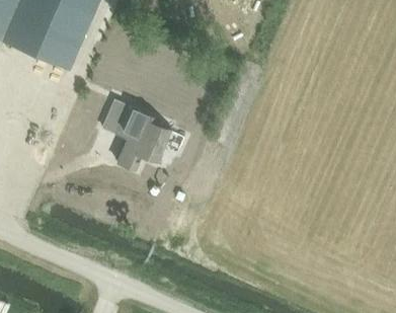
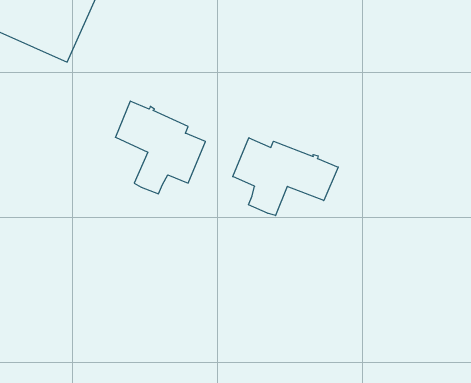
building: none -> [233,138,338,216]

